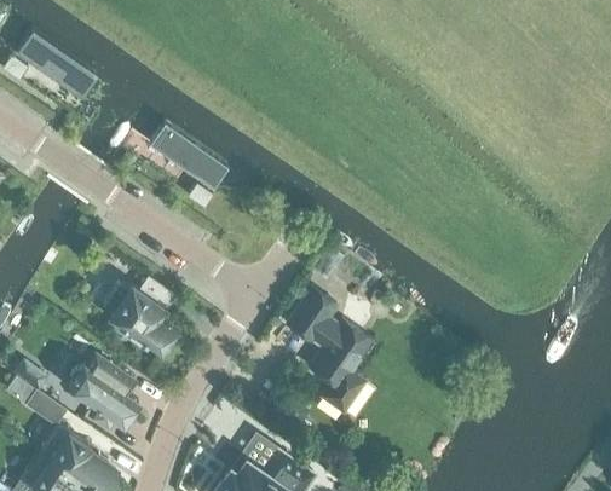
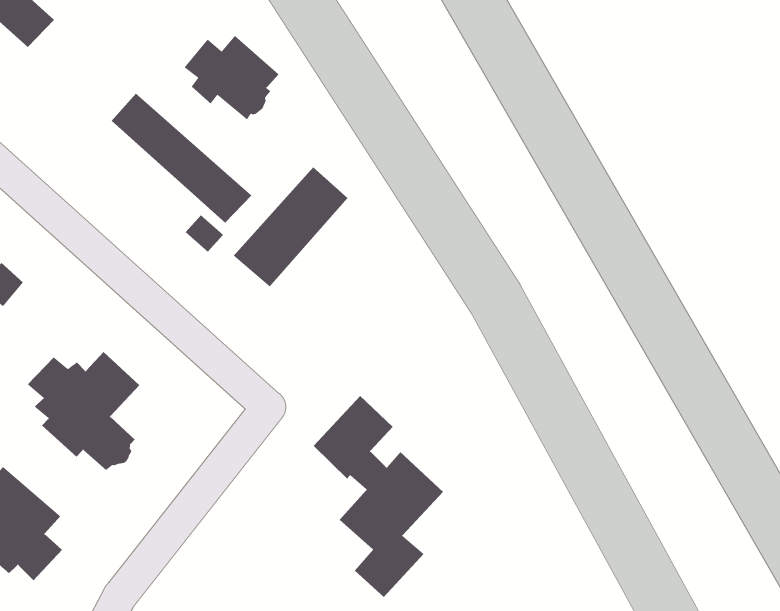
building: none -> [184,35,279,120]
building: none -> [233,167,349,287]

